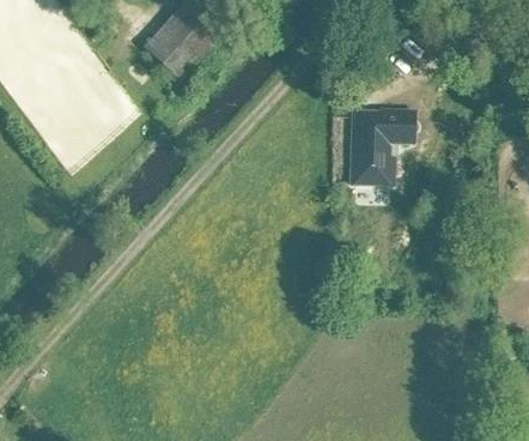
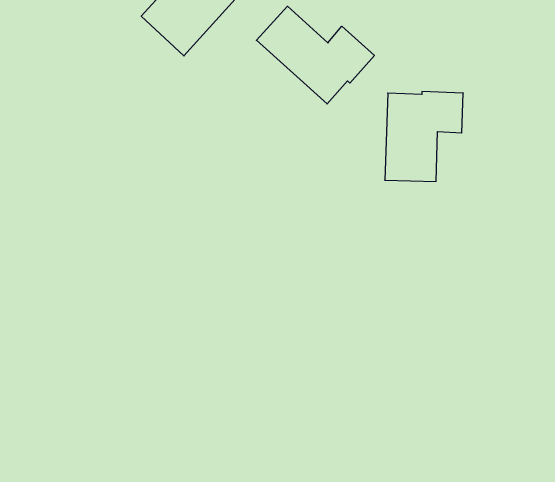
building: none -> [256,6,374,104]

